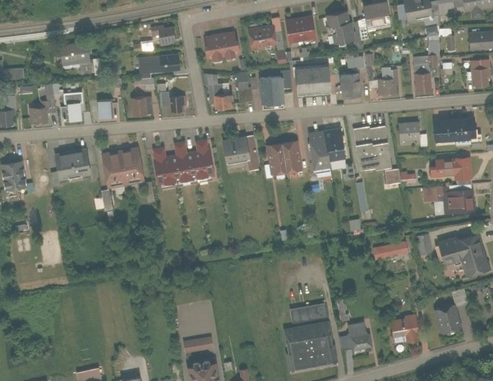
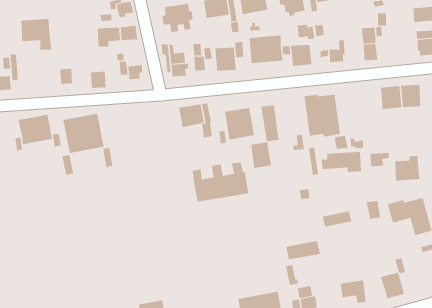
building: [64,90,83,119] -> none
building: [399,120,420,139] -> none
building: [323,133,345,161] -> [251,142,272,169]
building: [152,144,212,186] -> [192,162,249,202]
building: [429,156,472,178] -> [321,151,362,173]
building: [285,307,322,327] -> [285,241,321,260]

